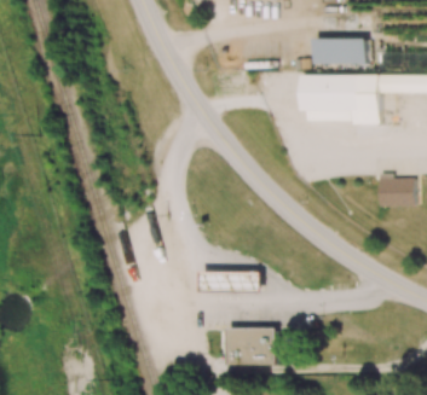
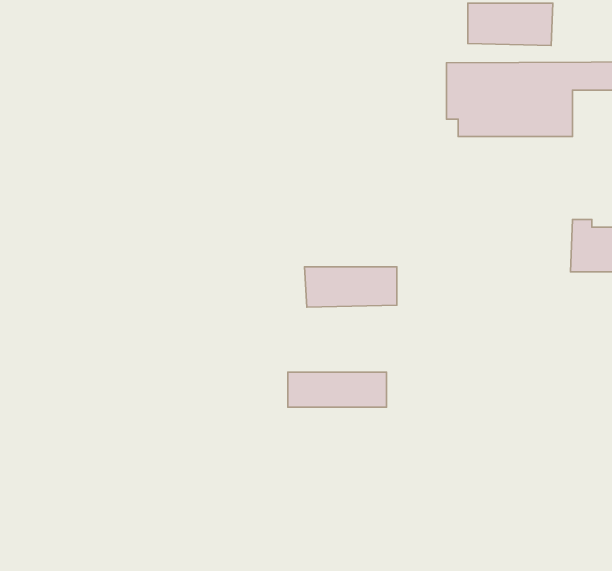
building: none -> [305,267,397,307]
building: [227,326,279,366] -> none

